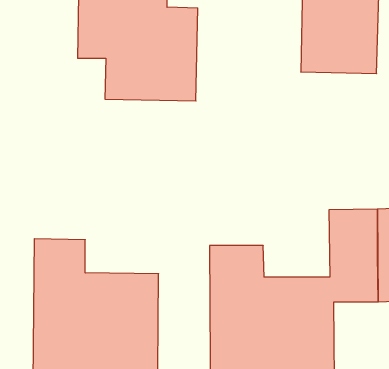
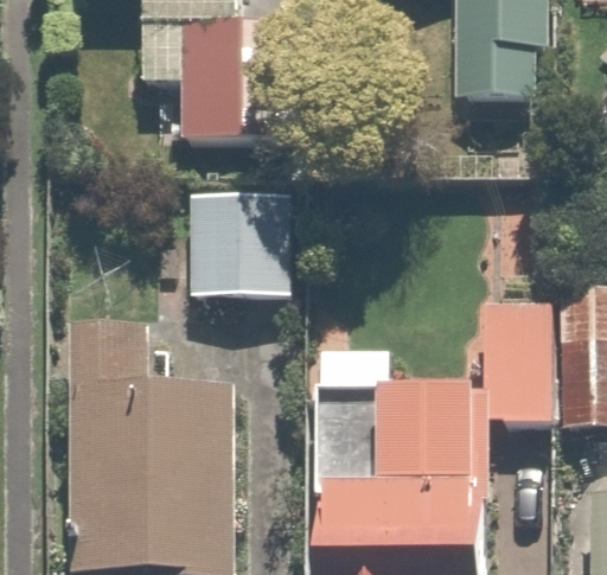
building: none -> [190,185,289,300]

